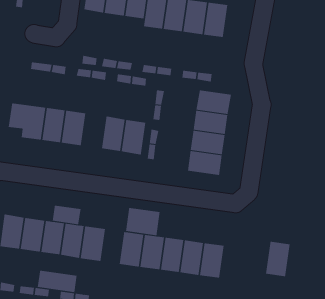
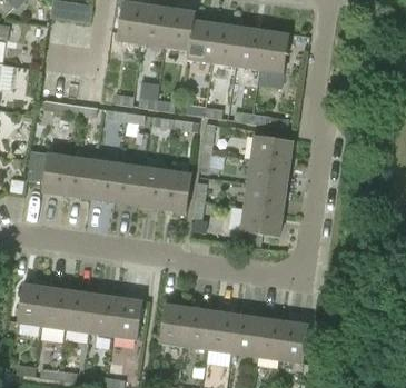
building: none -> [115,162,143,205]
building: [52,205,81,225] -> none
building: [125,207,160,236] -> none
building: [265,241,290,277] -> [279,320,309,362]
building: [37,270,83,294] -> none

